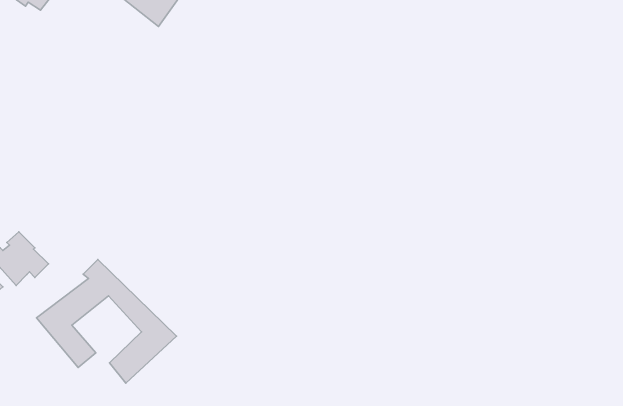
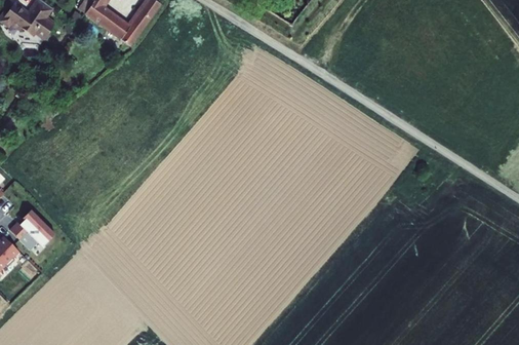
building: [36,260,176,383] -> none

